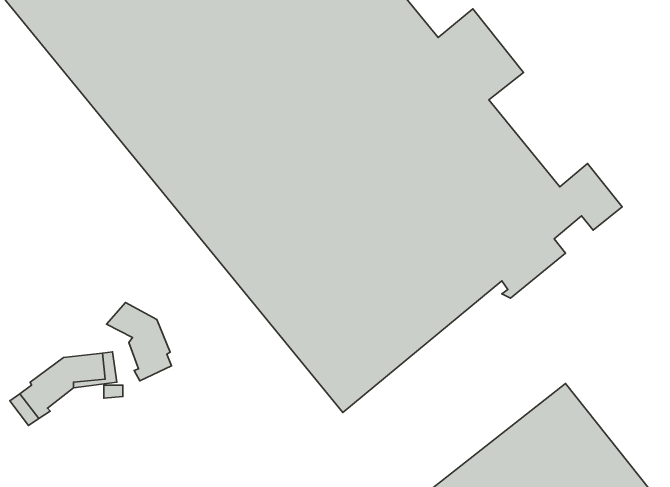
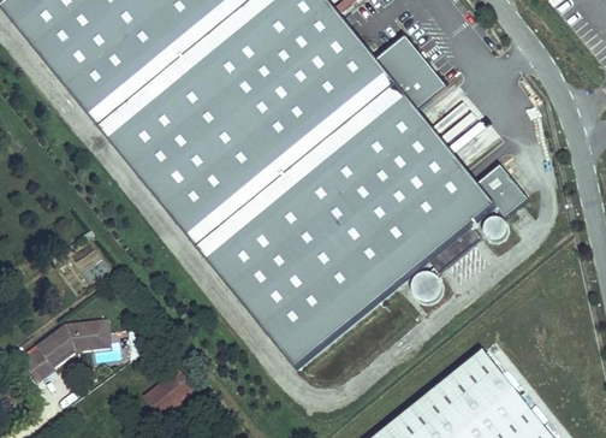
building: [106,302,172,381] -> none
building: none -> [144,368,195,414]

